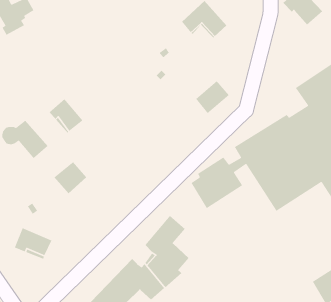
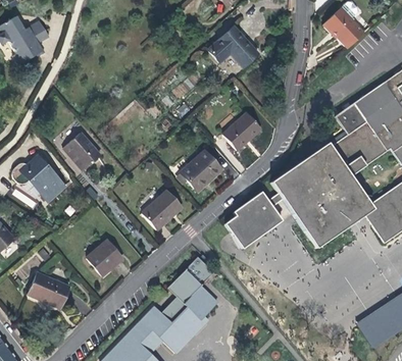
building: none -> [180,149,222,190]
building: none -> [139,186,181,227]
building: [53,161,87,194] -> [85,239,121,274]

